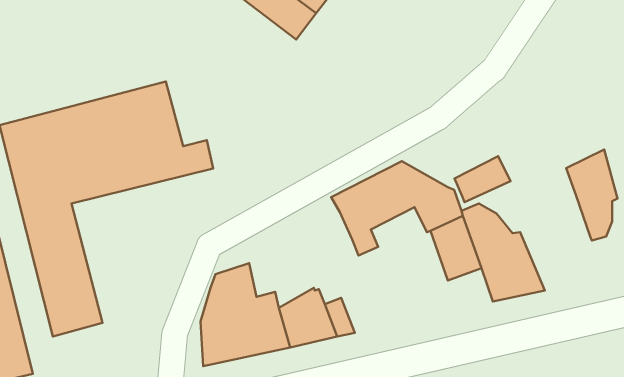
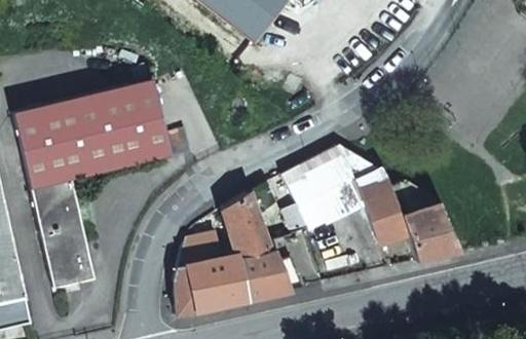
building: [566,150,618,240] -> none
building: [455,156,510,202] -> [315,183,362,221]
building: none -> [223,193,268,266]

